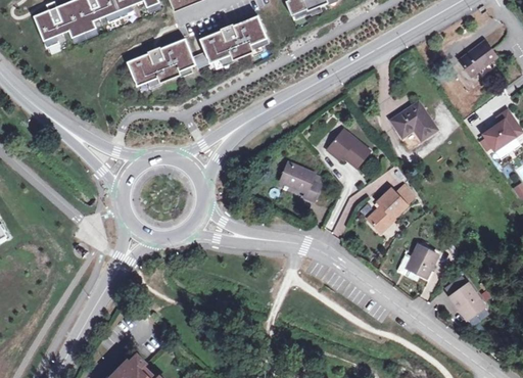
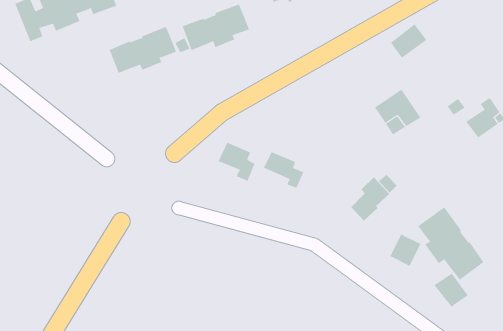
building: [460,40,496,75] -> [390,23,427,58]
building: [327,128,371,167] -> none
building: none -> [218,142,255,182]
building: none -> [417,206,484,281]

